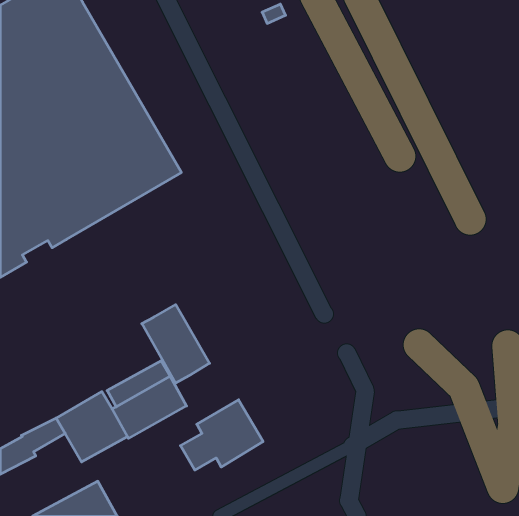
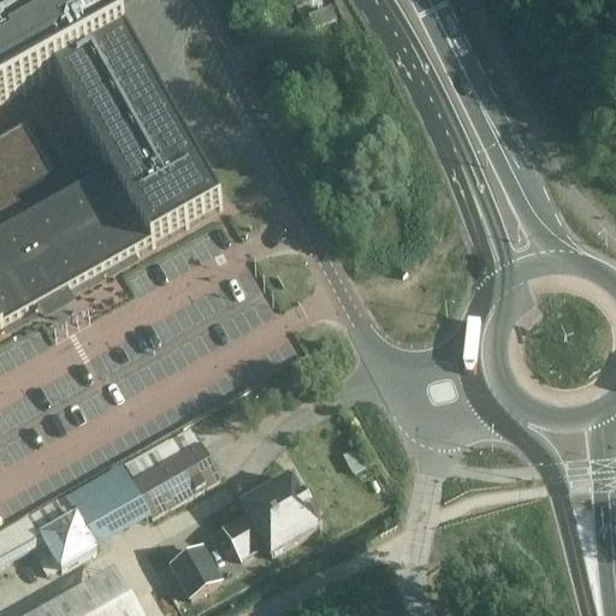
building: [142,305,210,383] -> none
building: none -> [42,511,102,570]
building: none -> [174,549,223,598]

